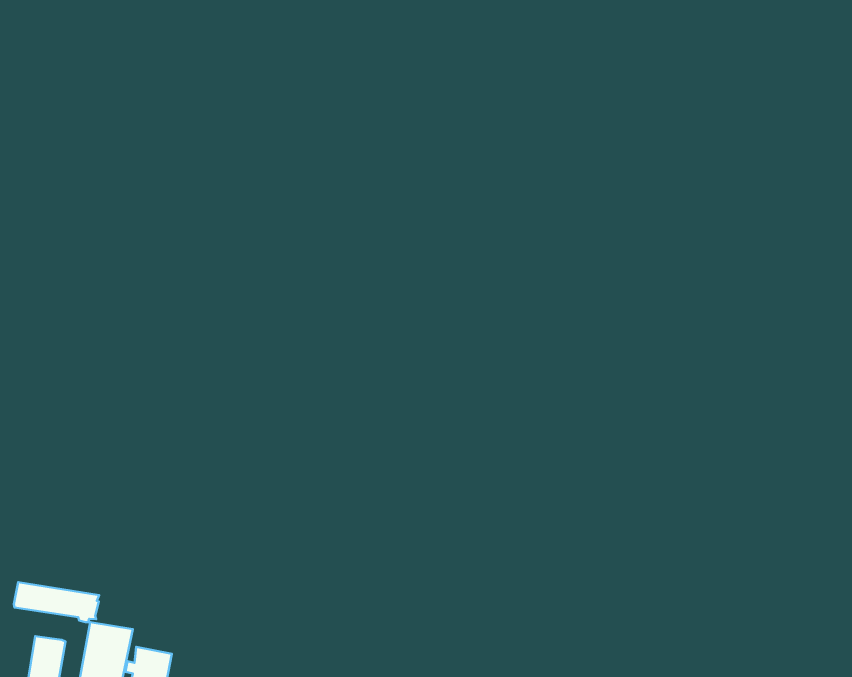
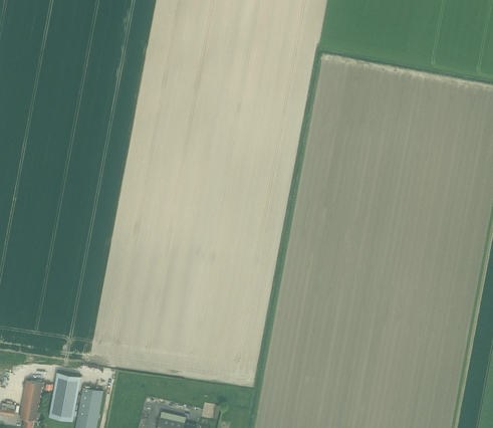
building: [14,582,99,622] -> none

